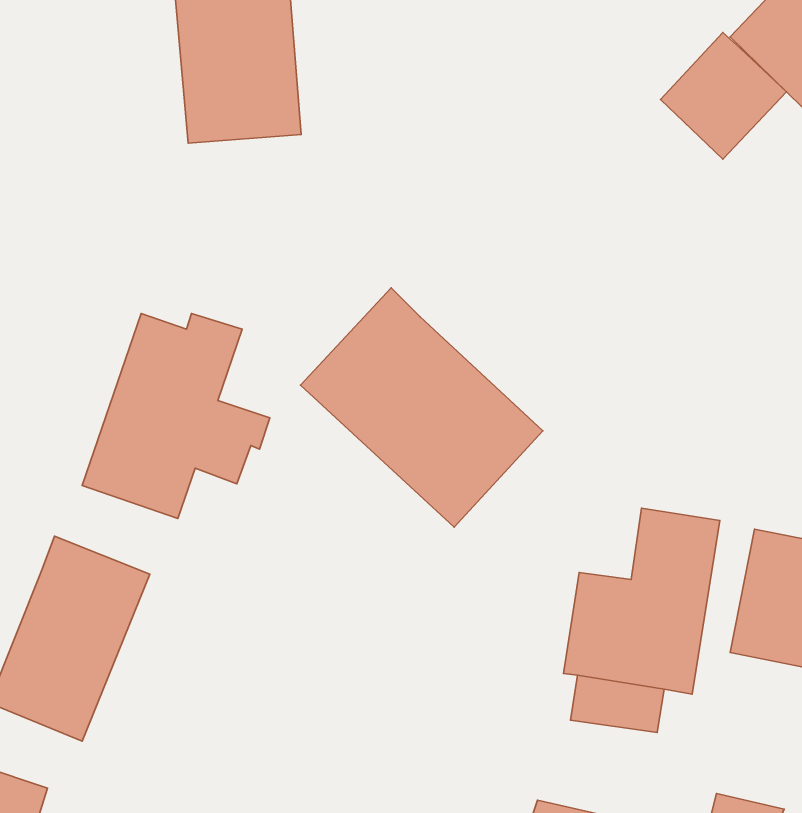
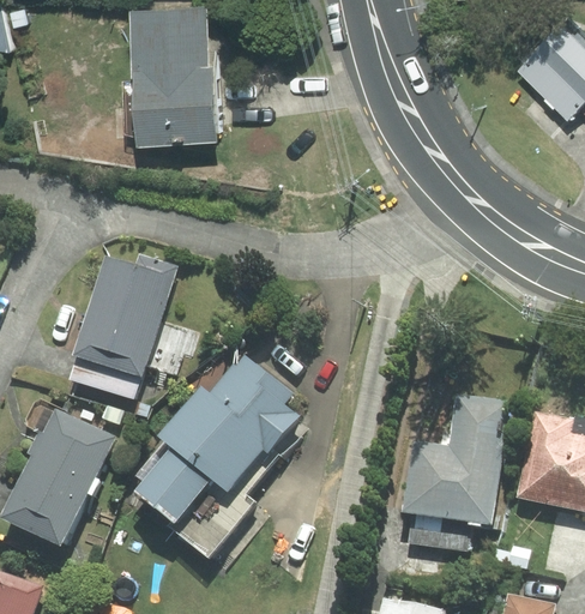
building: [661,32,787,159] -> none
building: [300,288,543,527] -> none
building: none -> [134,349,312,564]

